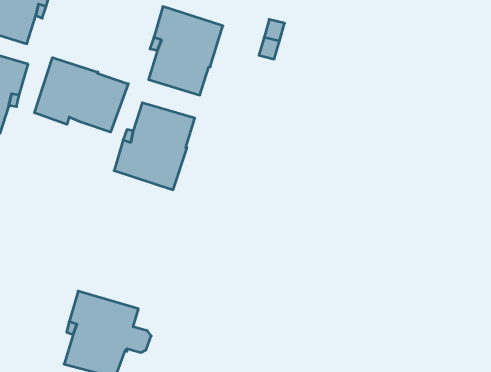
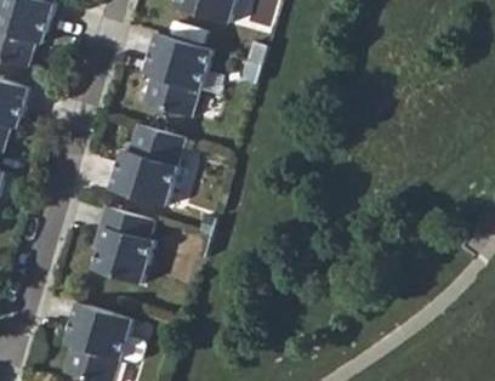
building: [35,58,128,132] -> none
building: none -> [92,206,153,283]

